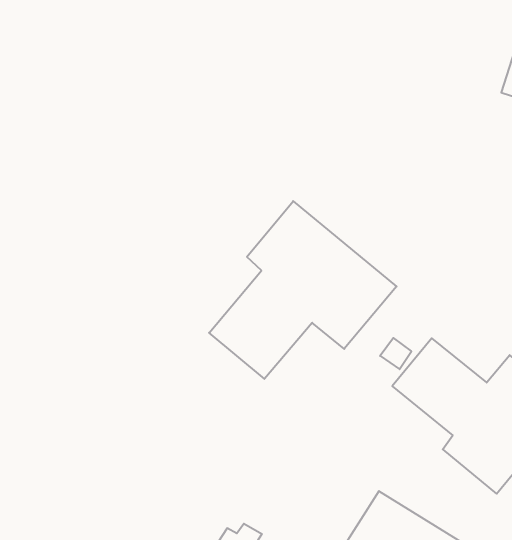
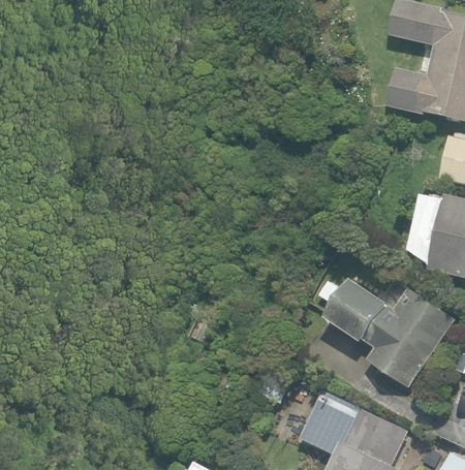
building: [209,201,397,379] -> none

